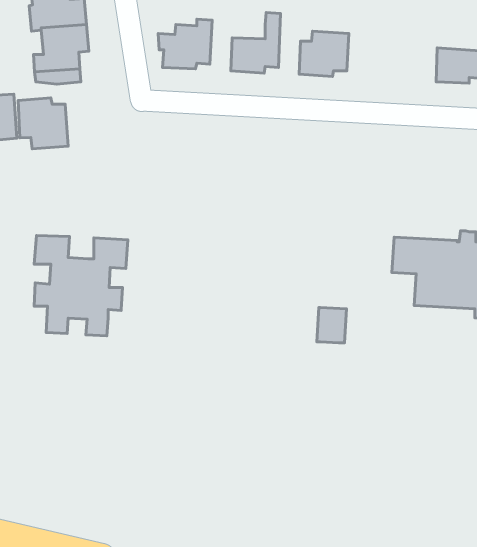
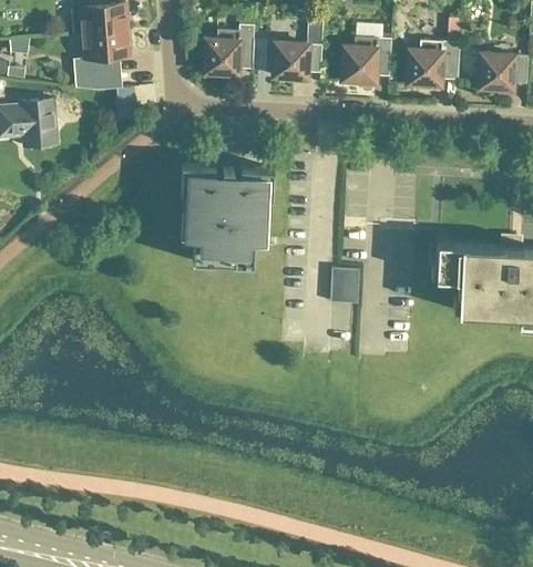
building: none -> [407,40,459,85]
building: [18,98,68,149] -> none
building: [34,236,128,336] -> [180,165,274,266]
building: [317,308,347,343] -> [329,268,359,303]

